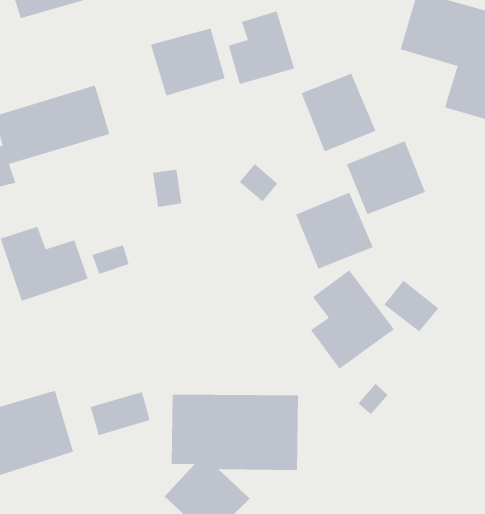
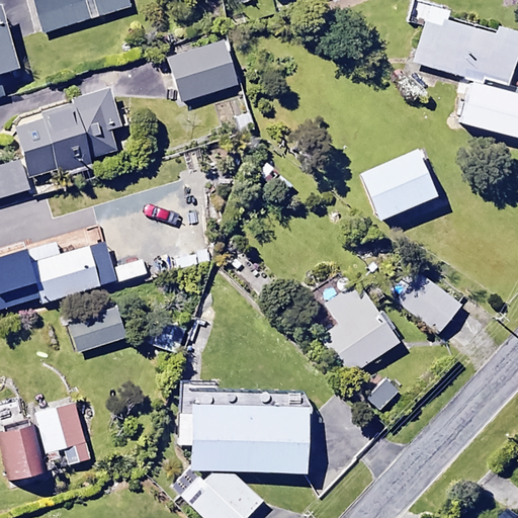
building: [228,11,295,85] -> none
building: [301,73,376,152] -> none
building: [296,192,373,269] -> none
building: [90,391,151,436] -> [67,313,126,356]

